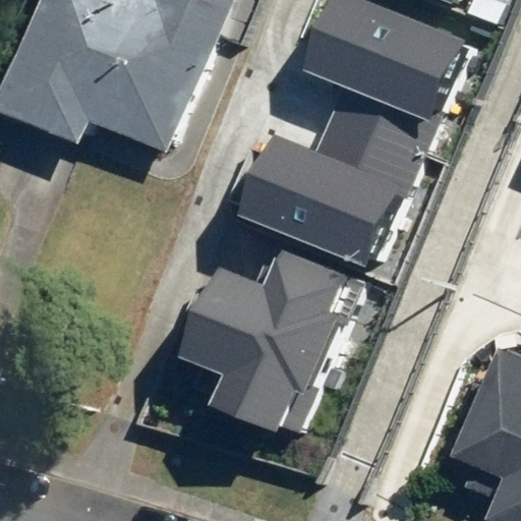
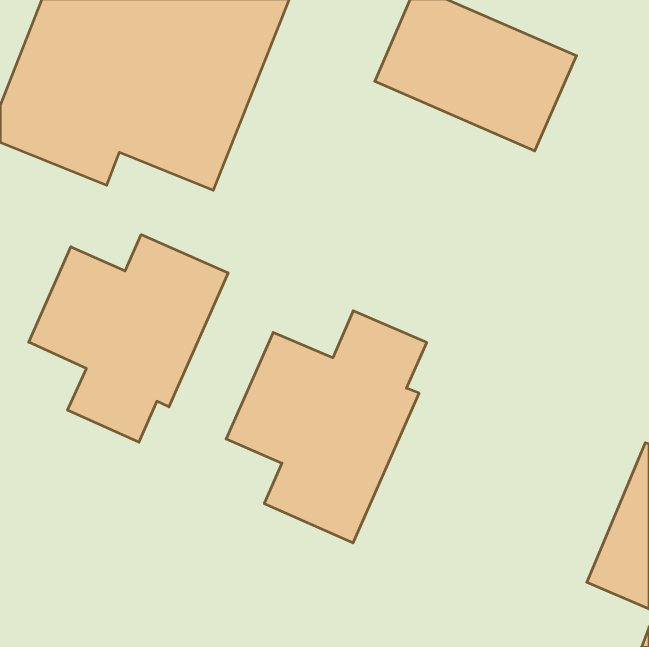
building: [238,92,422,270] -> none
building: none -> [29,235,228,442]

